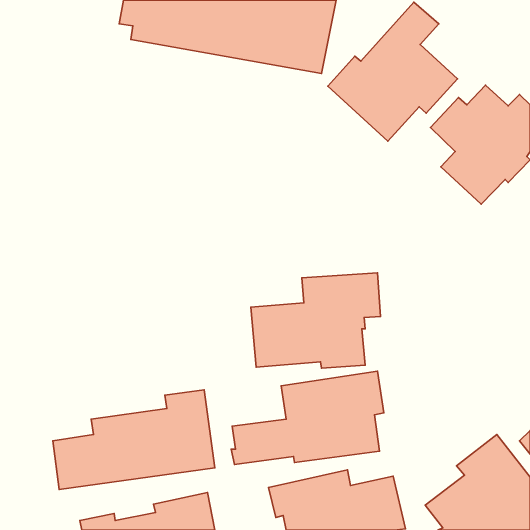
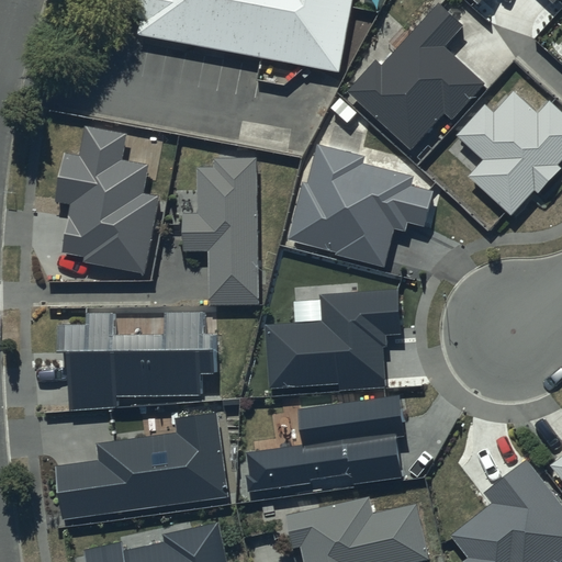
building: none -> [55,125,159,272]
building: none -> [286,145,434,266]
building: none -> [182,157,260,306]
building: none -> [56,312,218,411]

